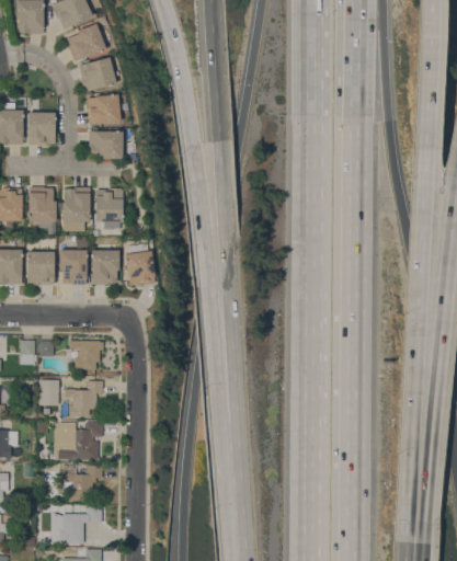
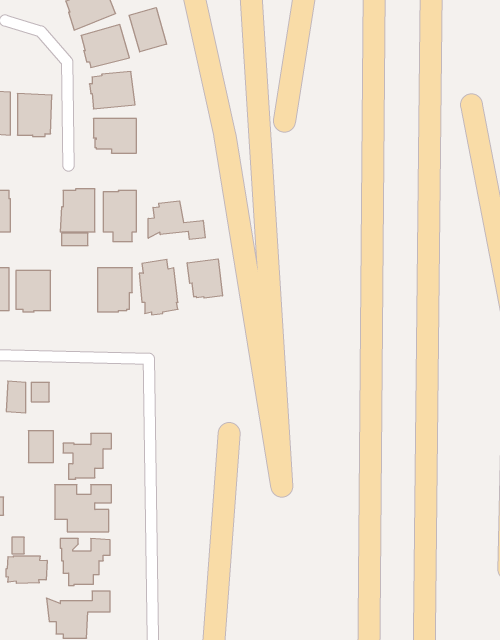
building: none -> [129,8,167,52]
building: [27,186,56,233] -> none
building: none -> [148,201,205,239]
building: none -> [187,259,222,298]
building: [58,250,87,285] -> none
building: [69,341,102,369] -> none
building: none -> [6,556,47,583]

